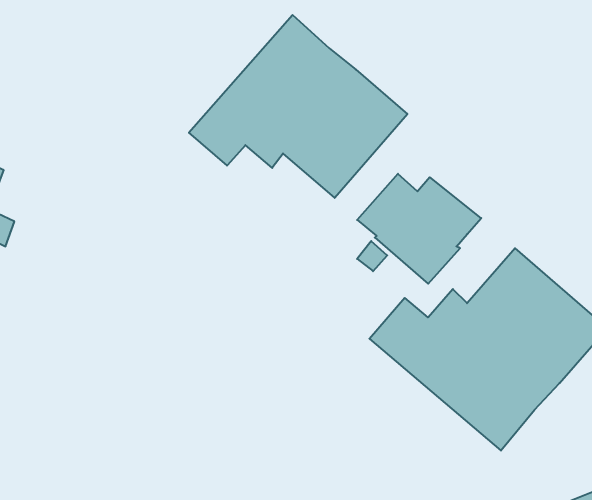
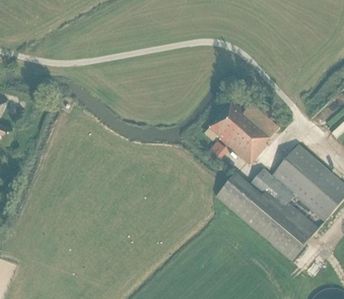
building: [189,15,407,198] -> none

